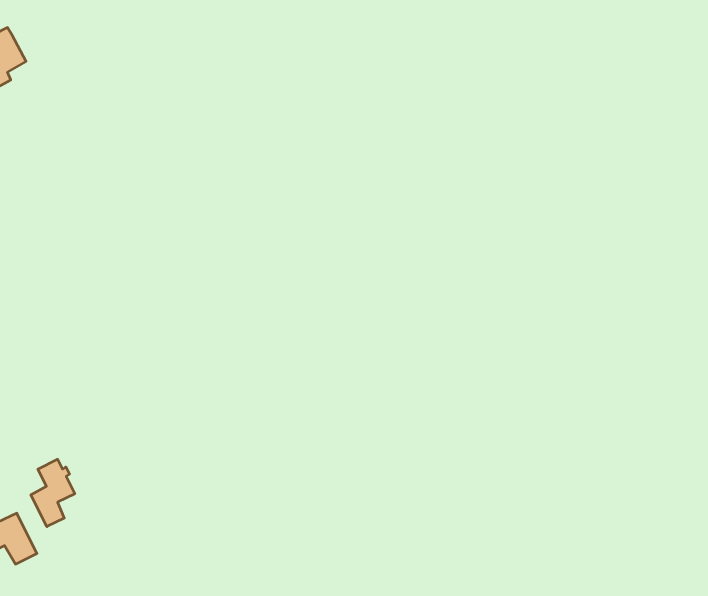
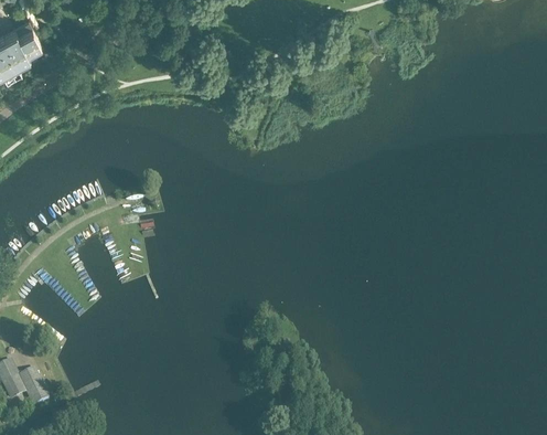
building: [31,459,75,527] -> none

